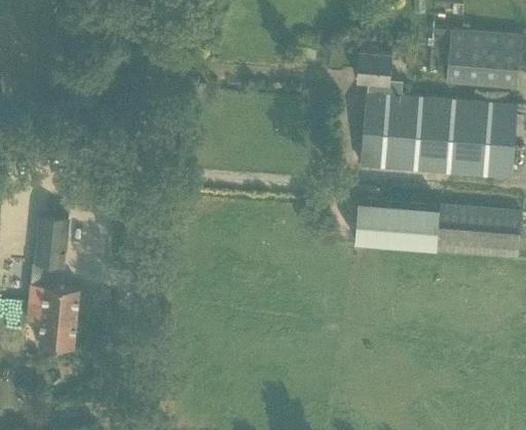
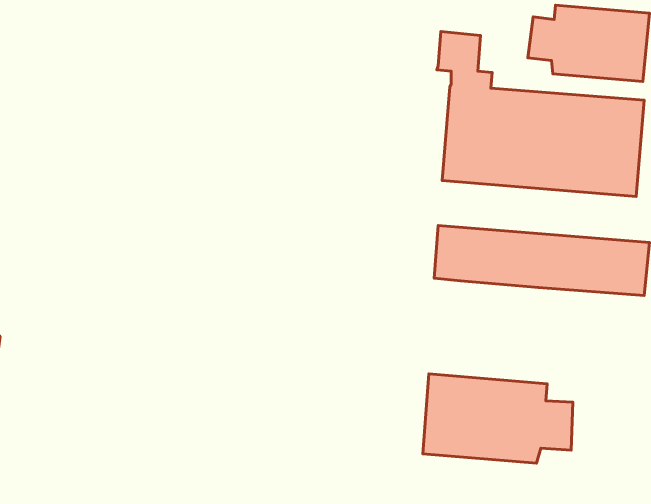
building: [28,216,80,349] -> none
building: none -> [423,374,573,463]

